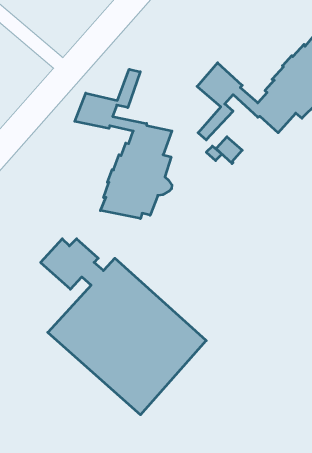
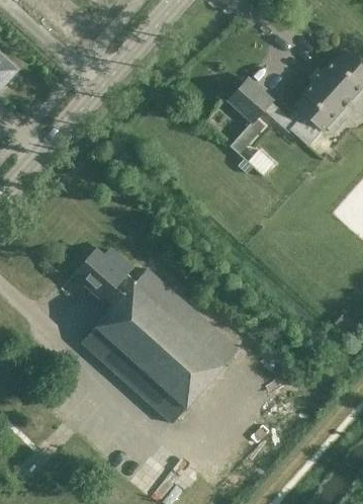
building: [75,69,172,219] -> none

